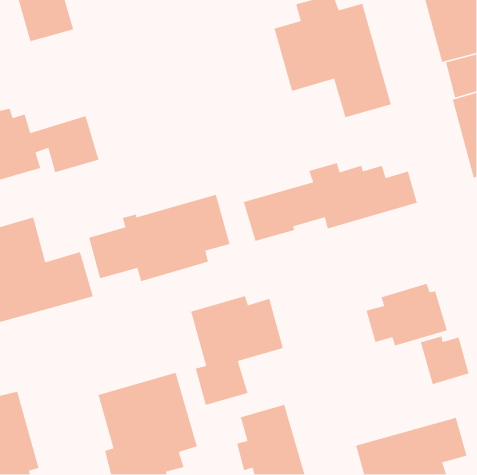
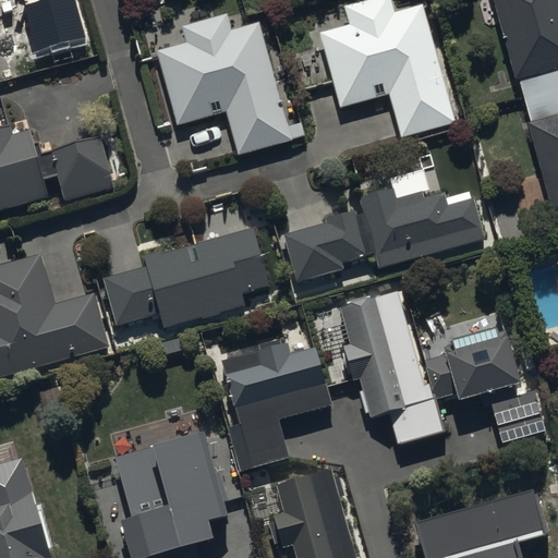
building: none -> [156,13,293,156]
building: none -> [338,291,442,444]

